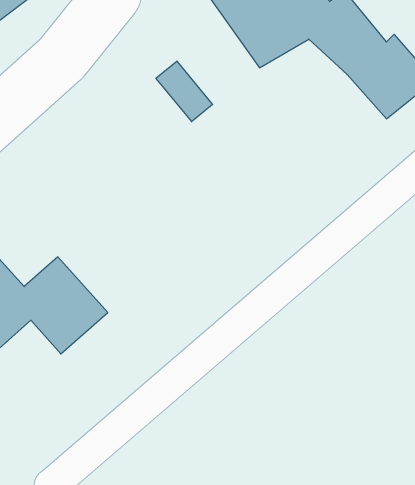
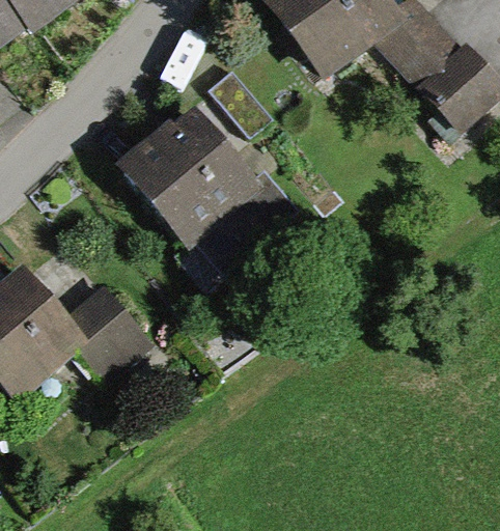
building: none -> [115,108,261,248]

